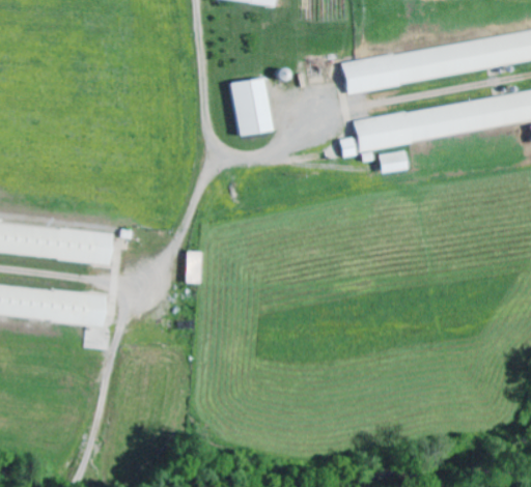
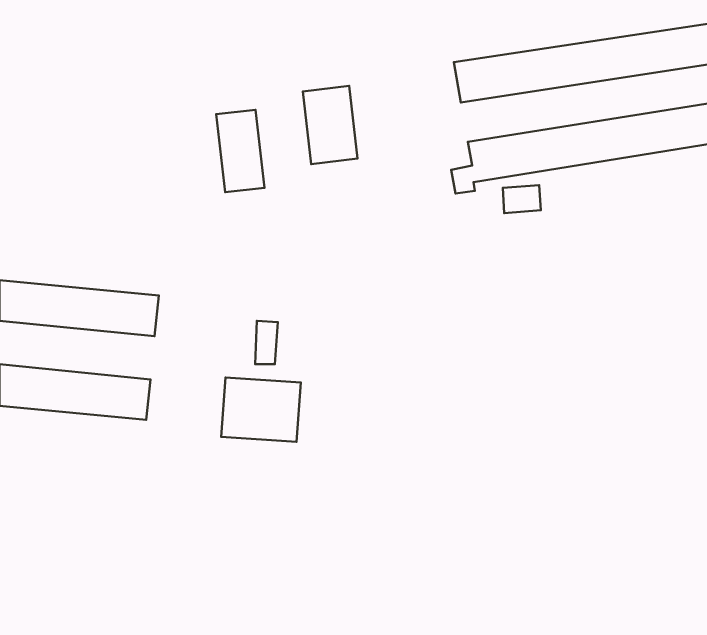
building: none -> [216,110,265,192]
building: none -> [221,377,301,442]

